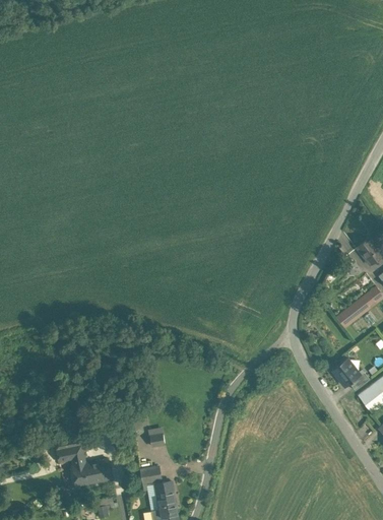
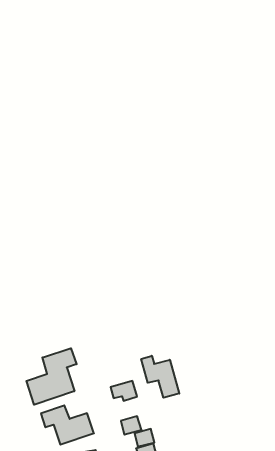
building: none -> [26,348,77,405]
building: none -> [141,356,179,398]

